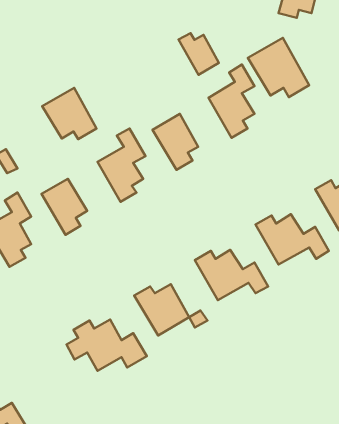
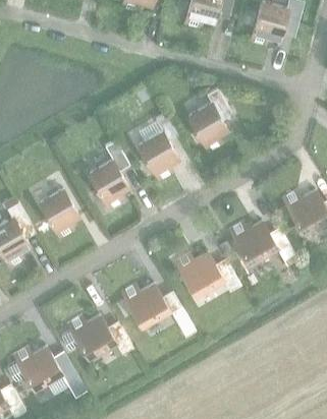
building: [178,33,219,75] -> none
building: [248,38,309,97] -> none
building: [42,88,97,139] -> none
building: none -> [7,345,78,391]

